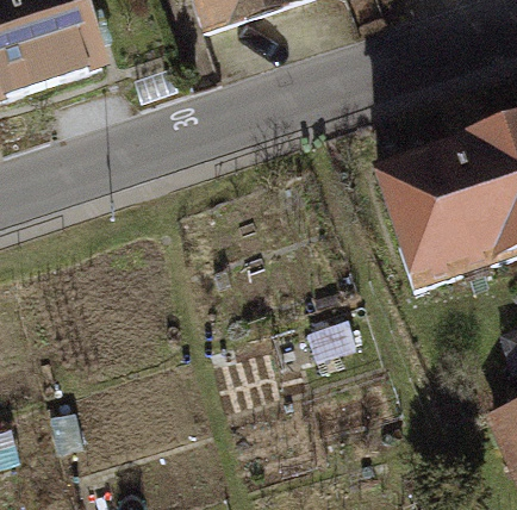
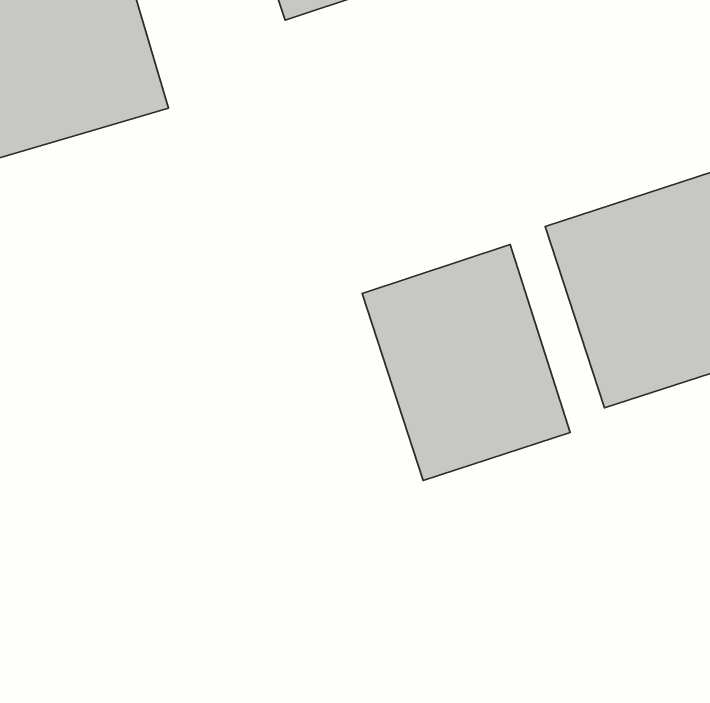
building: none -> [362,244,570,481]

